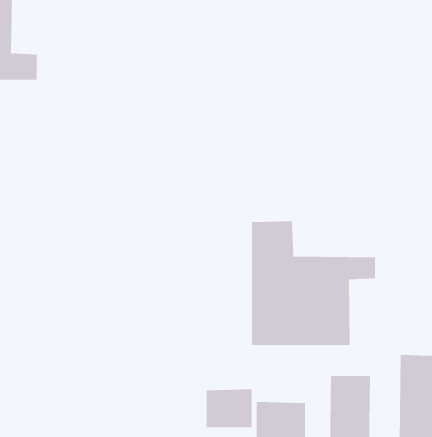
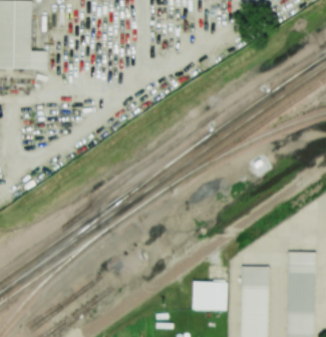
building: [252,221,376,346] -> none
building: [206,388,252,428] -> none

